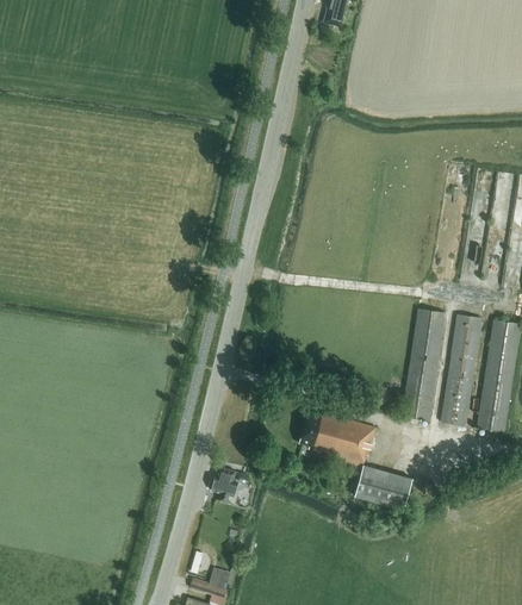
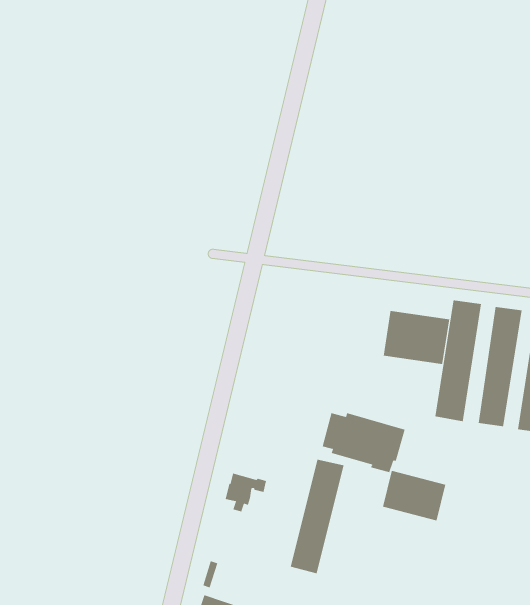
building: none -> [383,310,450,365]
building: none -> [290,459,344,574]

